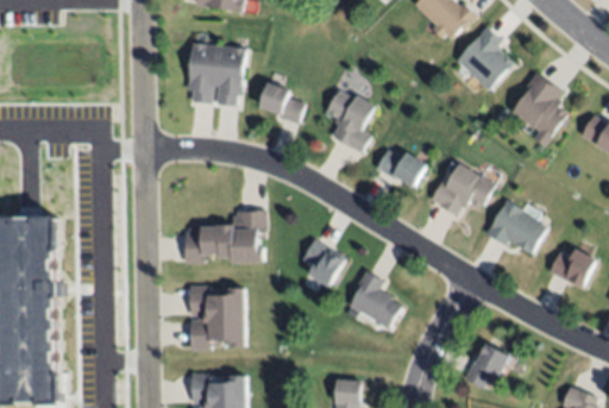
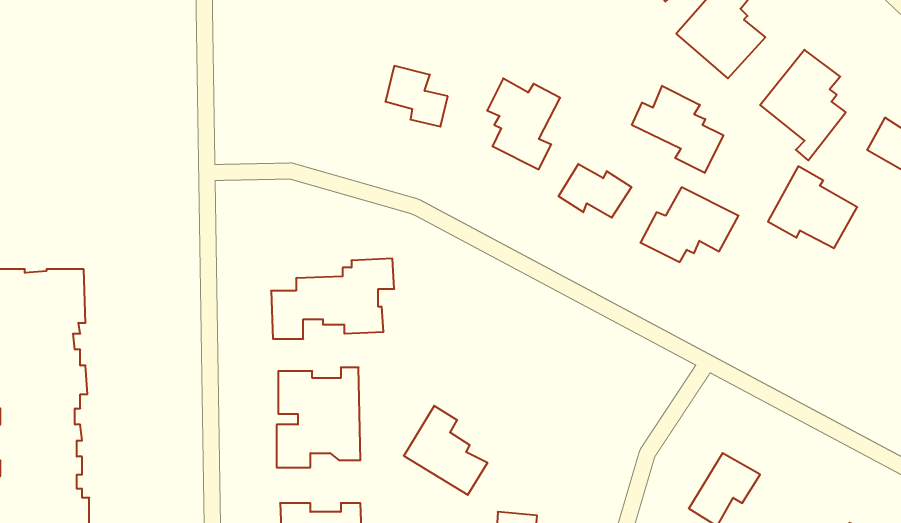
building: [187,44,245,106] -> none
building: none -> [632,86,723,173]
building: [485,197,545,252] -> [768,166,857,248]
building: [303,239,346,288] -> none
building: [547,249,595,284] -> none
building: [345,269,401,328] -> [404,406,488,495]

